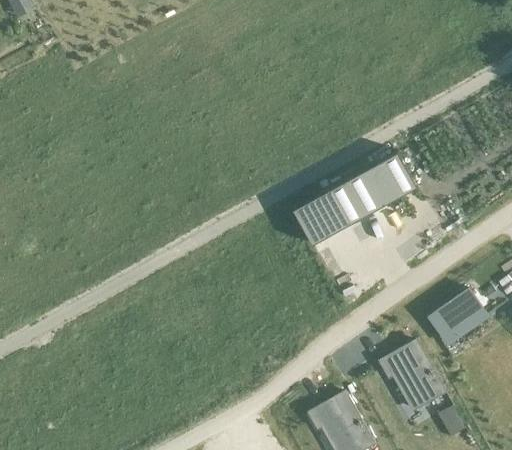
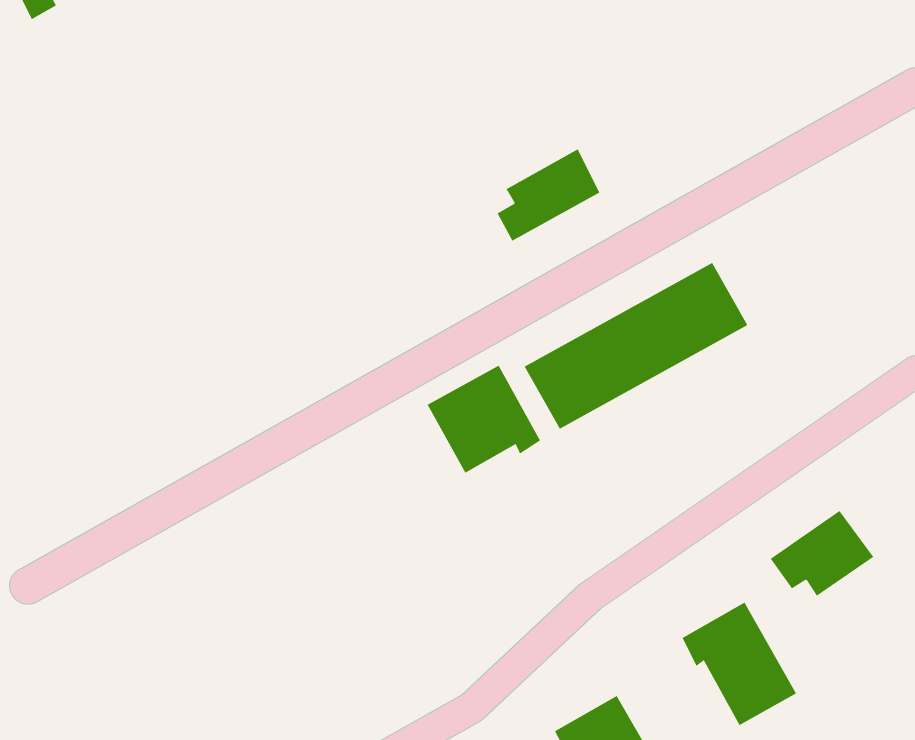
building: none -> [497,149,600,242]
building: none -> [427,365,541,474]

